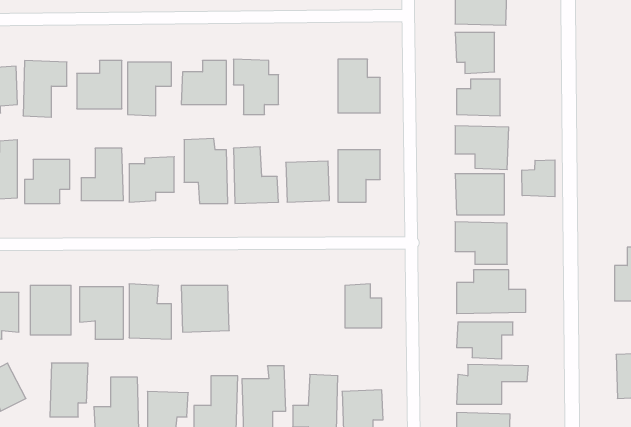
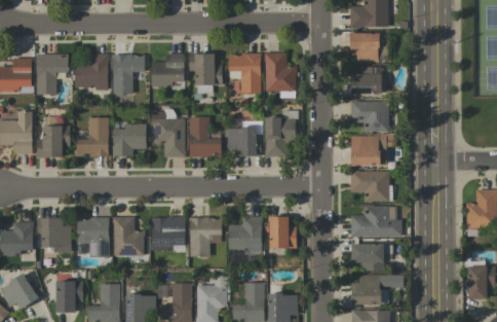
building: none -> [229,53,261,94]
building: [522,160,555,197] -> none
building: none -> [228,216,263,260]
building: none -> [189,217,222,257]

